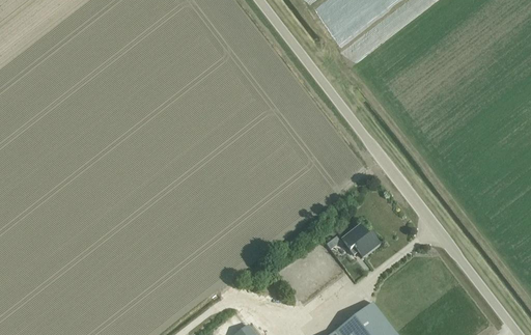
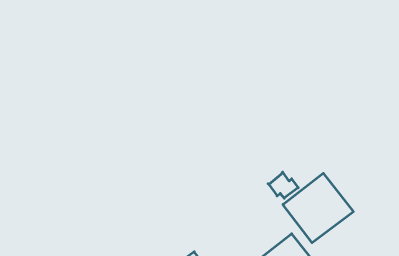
building: none -> [283,173,353,243]

